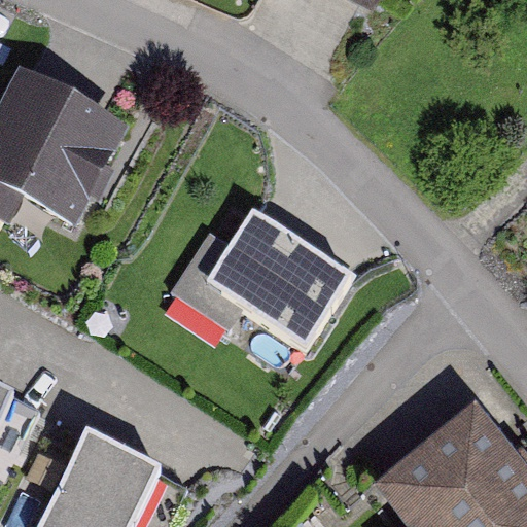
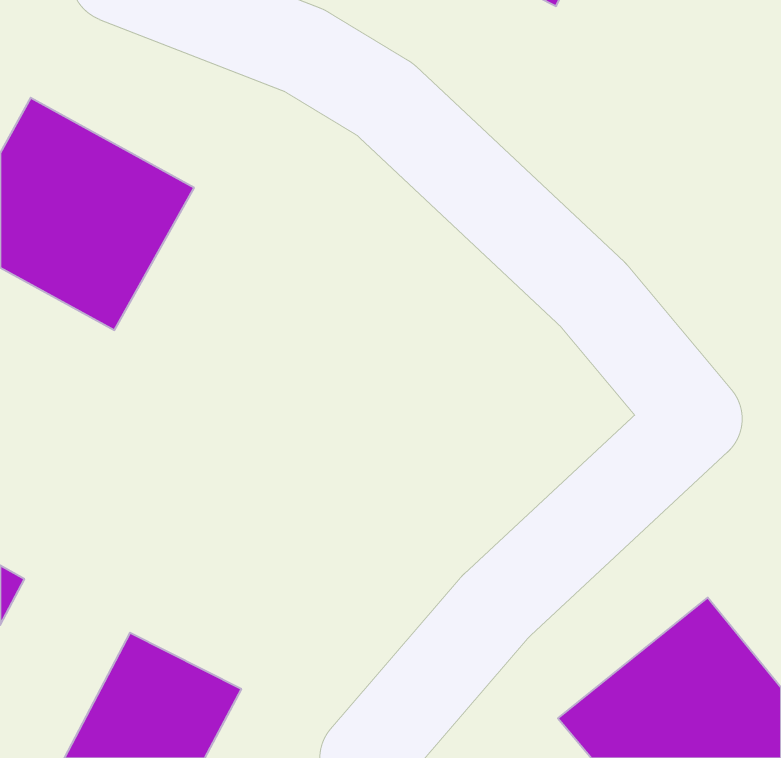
building: [172,208,354,366] -> none

